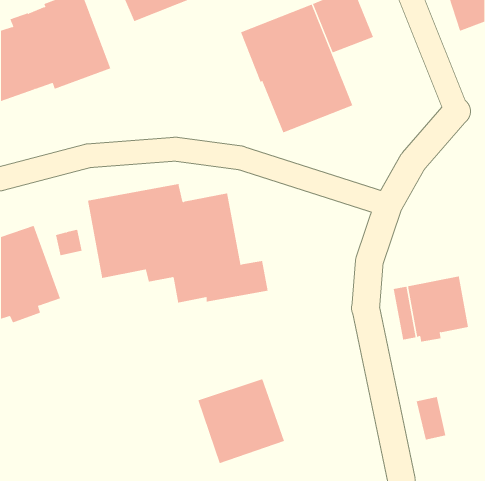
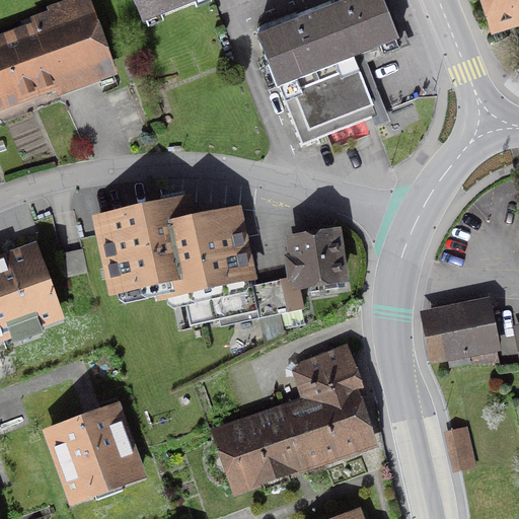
building: none -> [281,226,350,311]
building: none -> [281,341,379,470]
building: none -> [43,402,147,505]

